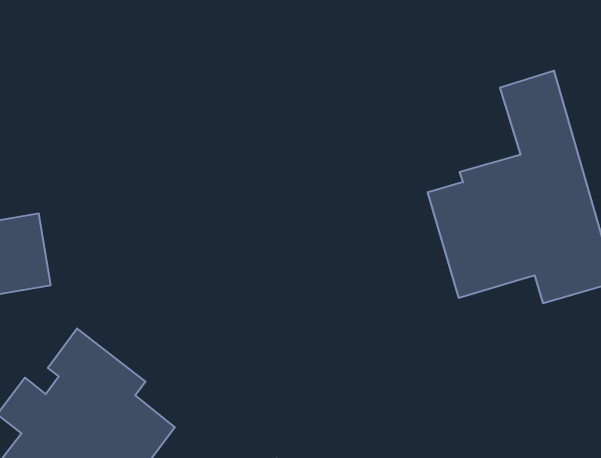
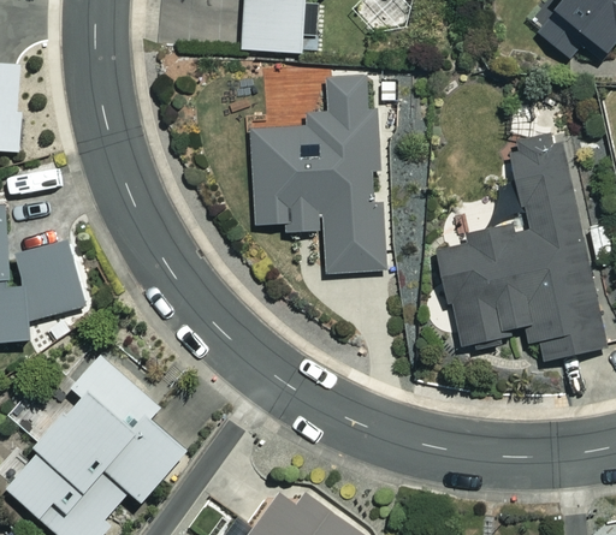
building: none -> [253,78,384,273]

